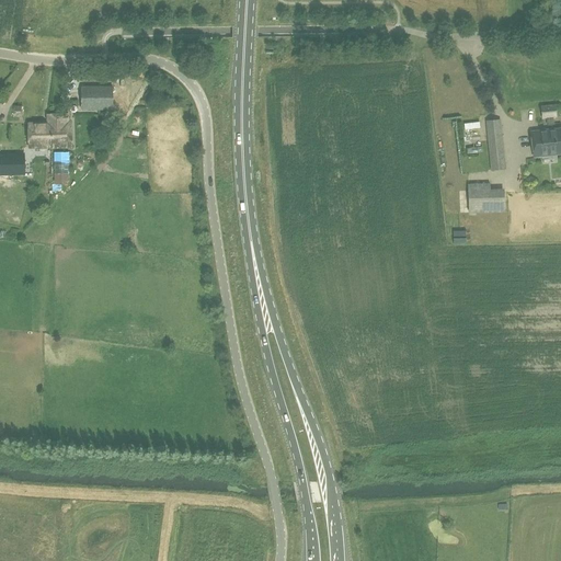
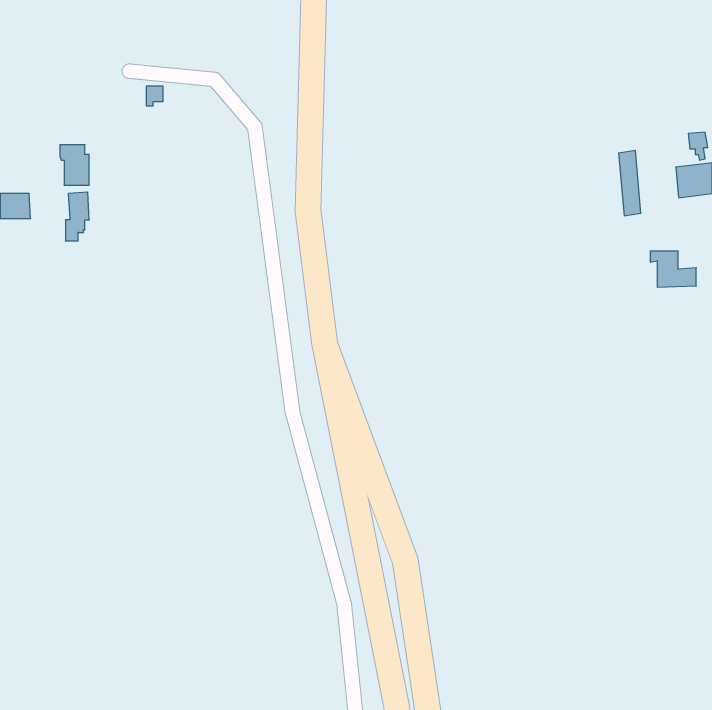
building: [81,85,112,108] -> none
building: [27,123,50,147] -> none
building: [468,183,504,211] -> [650,251,696,287]

